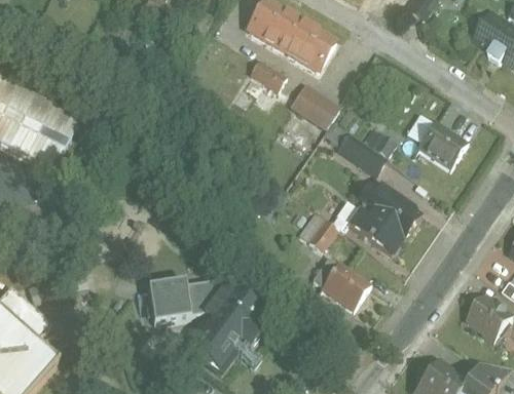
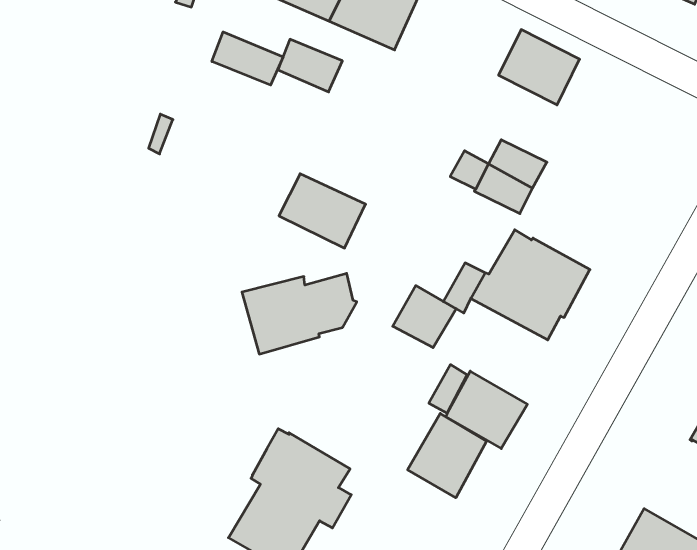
building: none -> [212,32,283,85]
building: [286,81,338,128] -> [279,174,366,248]
building: [421,124,471,171] -> [499,30,580,105]
building: [146,279,214,322] -> [242,273,357,354]
building: none -> [408,413,486,498]

